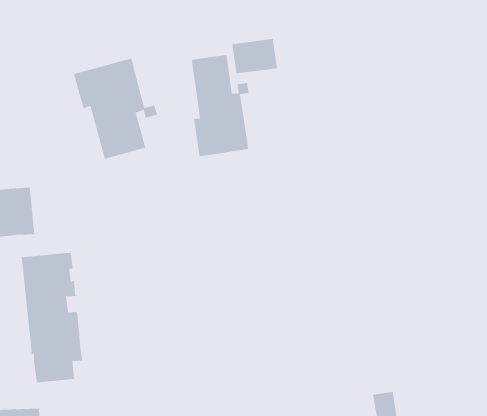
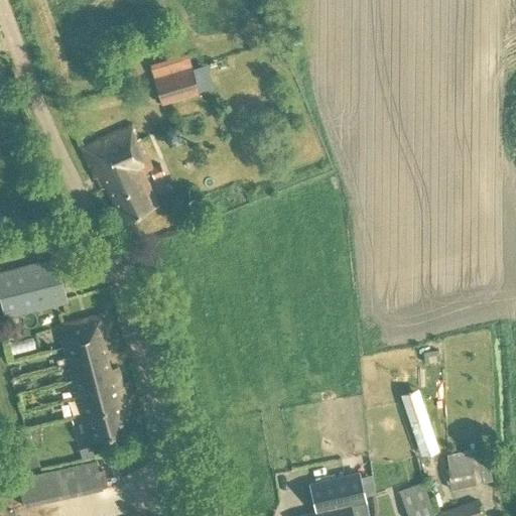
building: [232,38,278,74] -> [153,68,200,106]
building: [191,54,249,157] -> none

